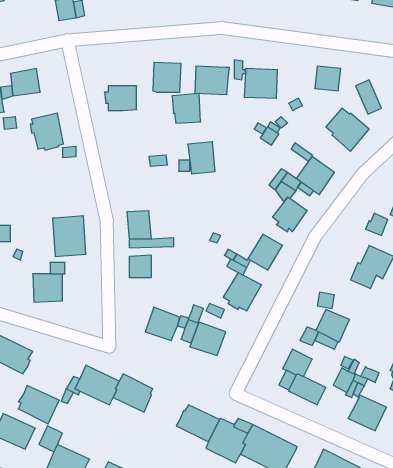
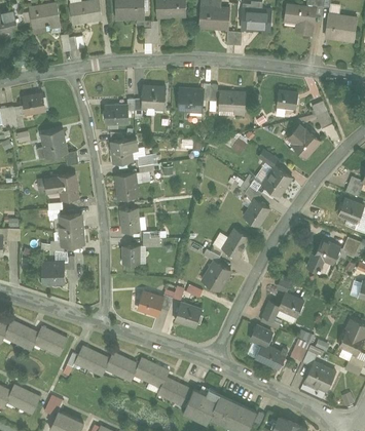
building: [172,93,201,123] -> [108,141,132,165]
building: [188,142,215,174] -> [113,173,136,200]
building: none -> [43,174,78,201]
building: none -> [136,351,173,384]
building: [18,385,59,424] -> [36,320,70,352]

